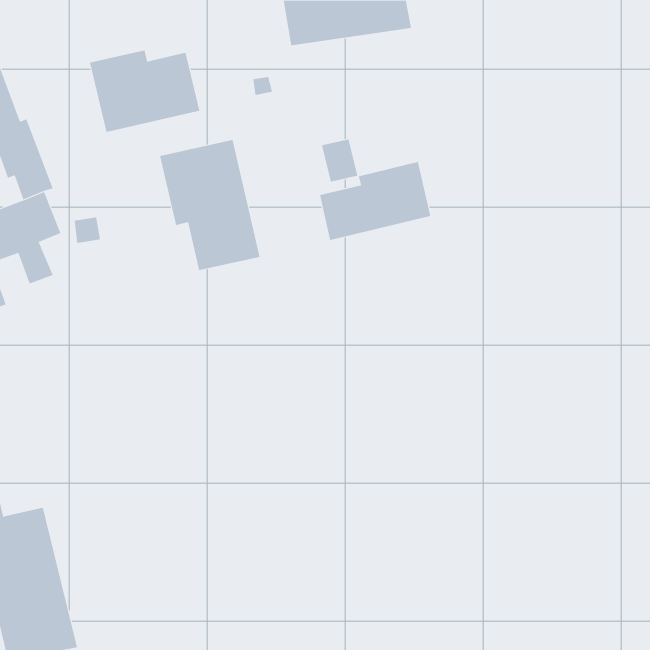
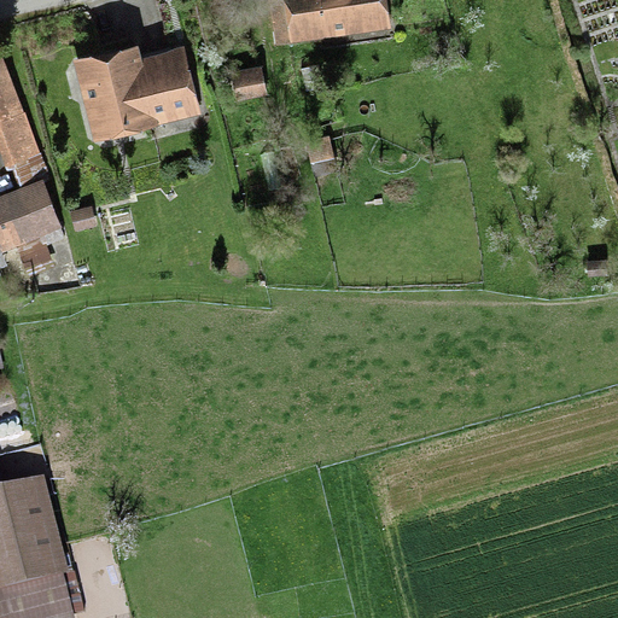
building: [160,139,260,271] -> none
building: [319,161,431,241] -> none

